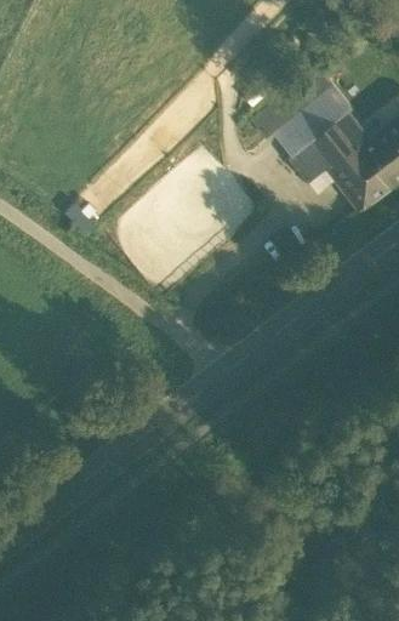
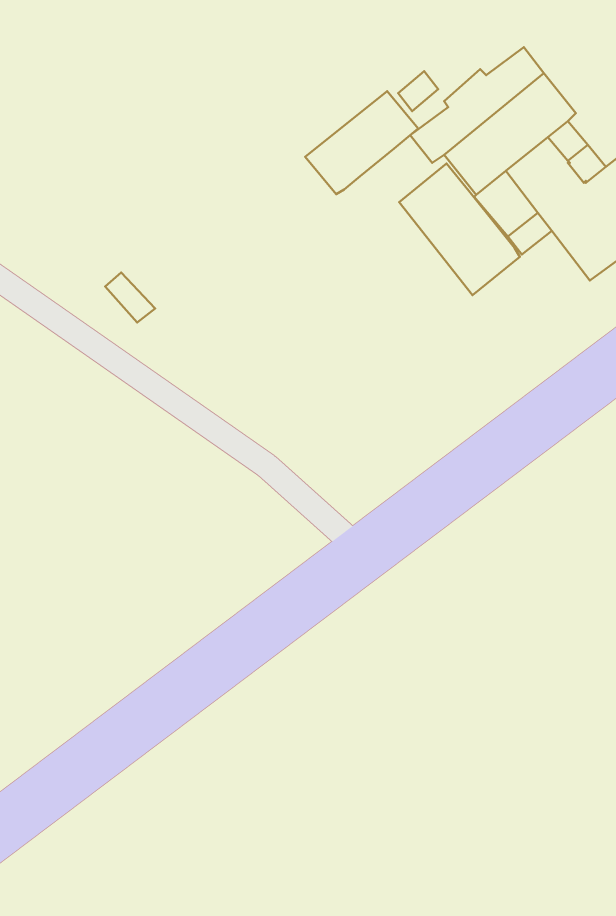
building: none -> [305,91,418,194]
building: none -> [399,164,520,295]

